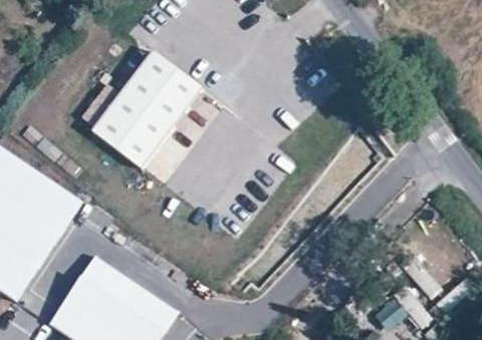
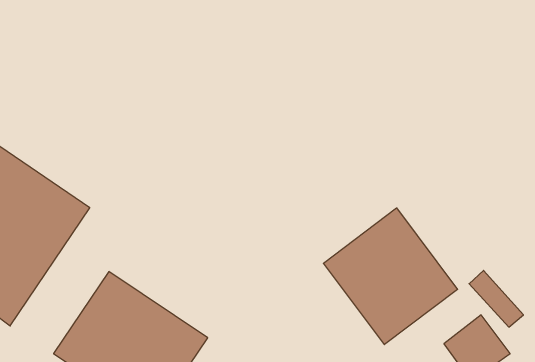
building: [93,54,203,173] -> none
building: none -> [323,208,458,345]

